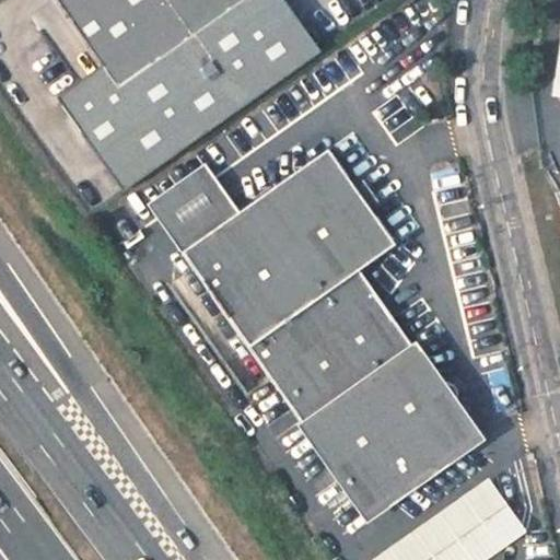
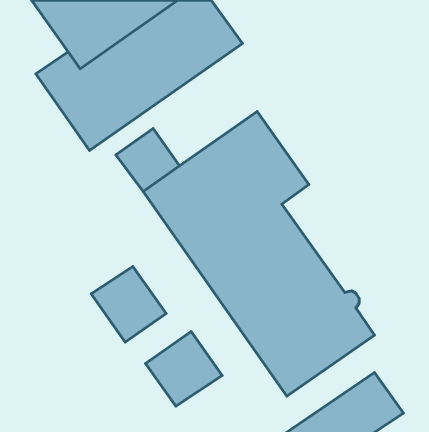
building: none -> [91,266,166,342]
building: none -> [145,331,222,406]

